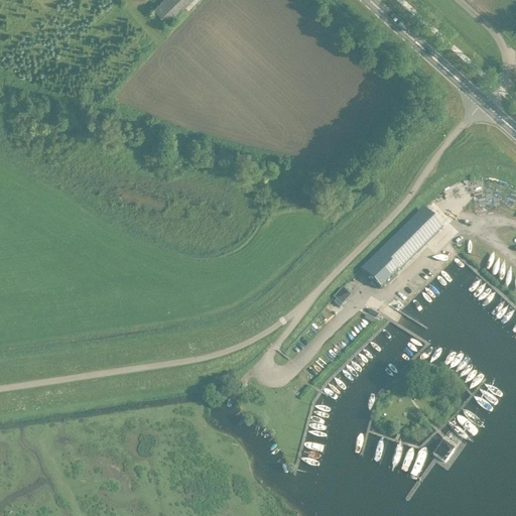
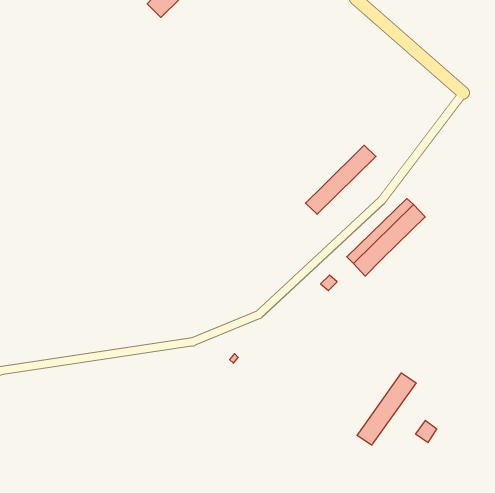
building: none -> [305,145,376,214]
building: none -> [357,373,416,445]

